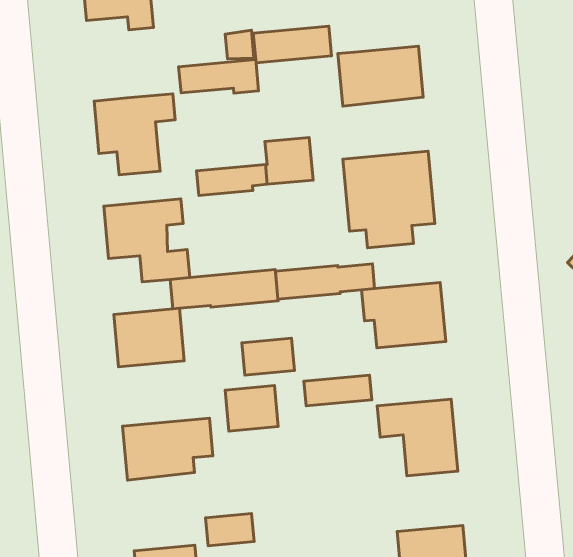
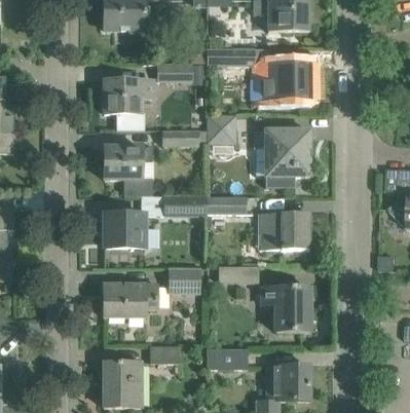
building: [242,338,294,375] -> none
building: none -> [207,347,248,369]

